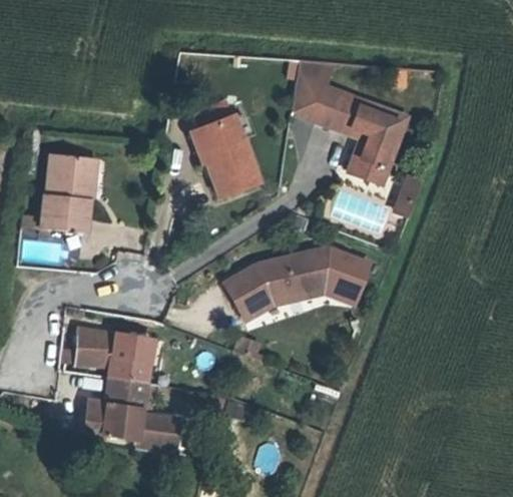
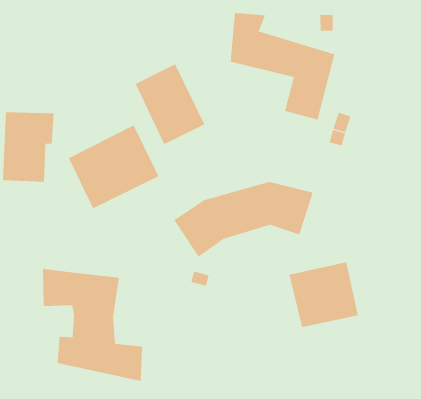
building: none -> [68,125,159,209]
building: none -> [289,261,358,328]

